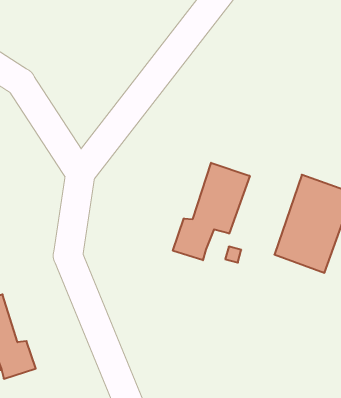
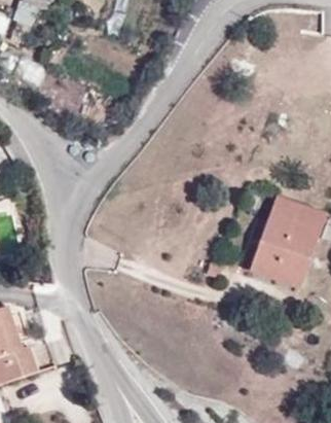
building: [173,163,250,260] -> none

